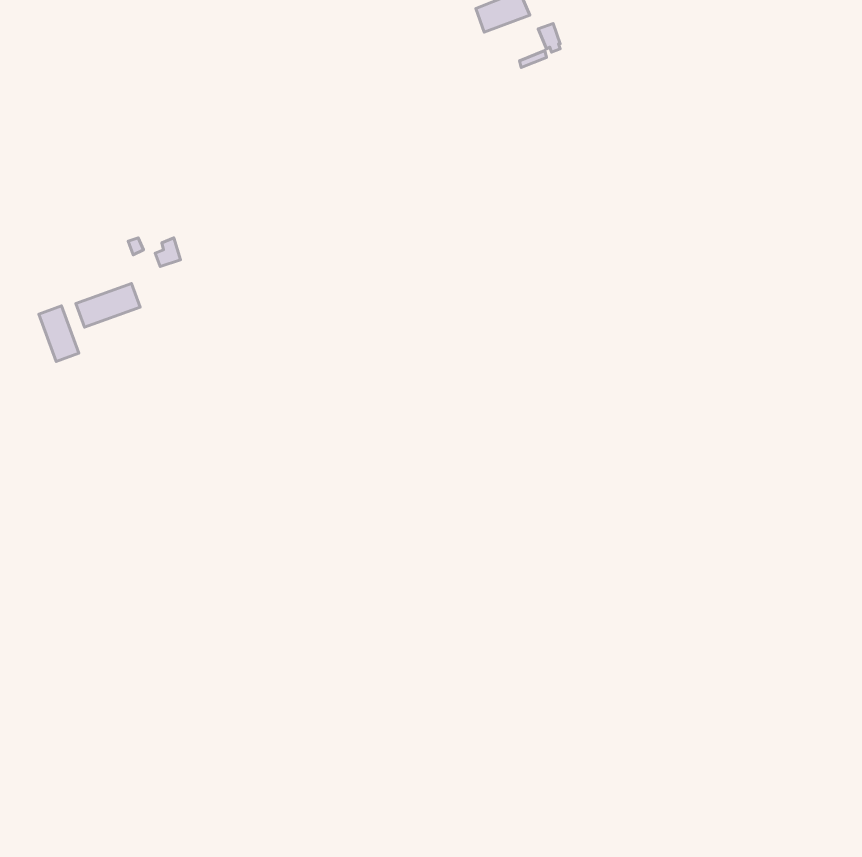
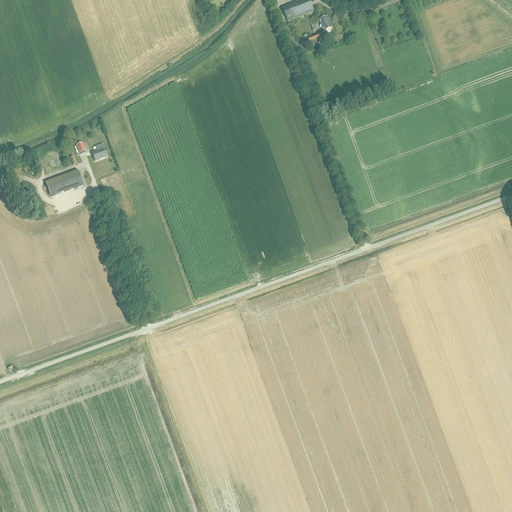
building: [39,306,79,362] -> none

